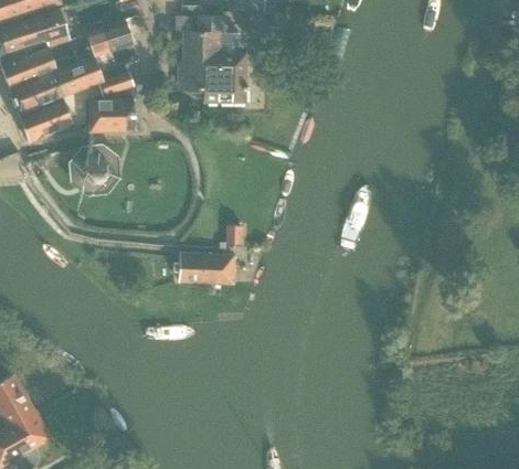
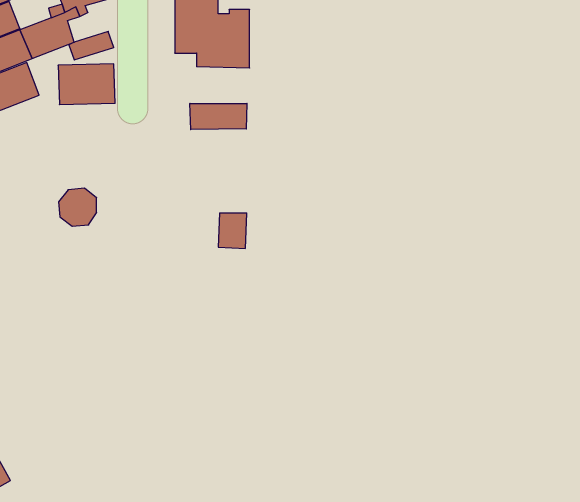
building: none -> [190,103,247,130]
building: [80,153,110,184] -> [59,188,97,226]
building: [180,253,234,283] -> none

